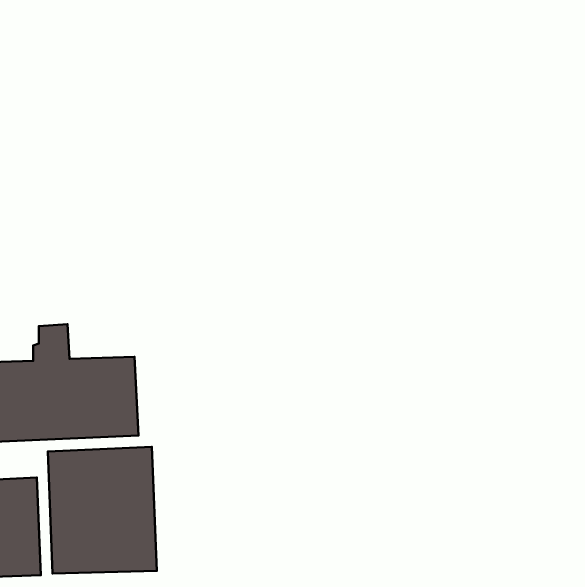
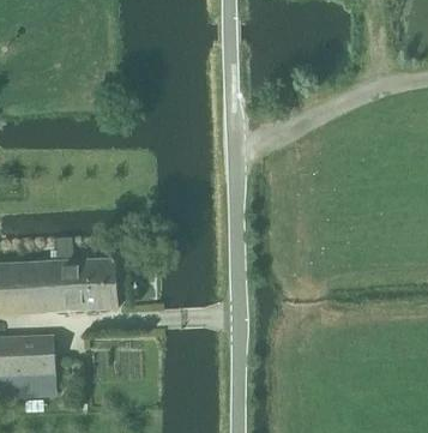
building: [48,447,157,573] -> none

